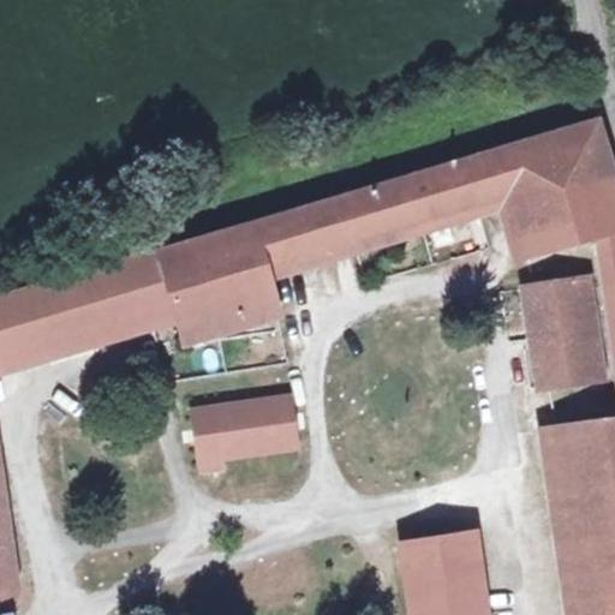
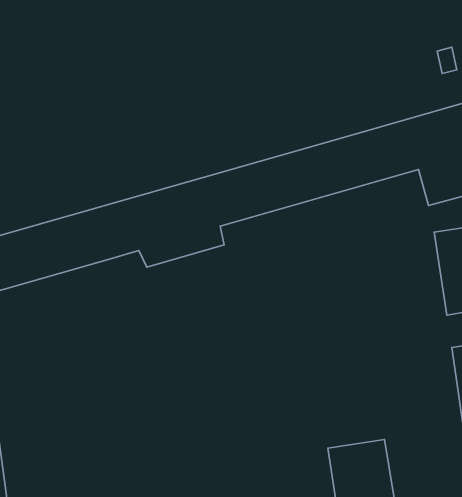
building: [192,390,301,459] -> none

